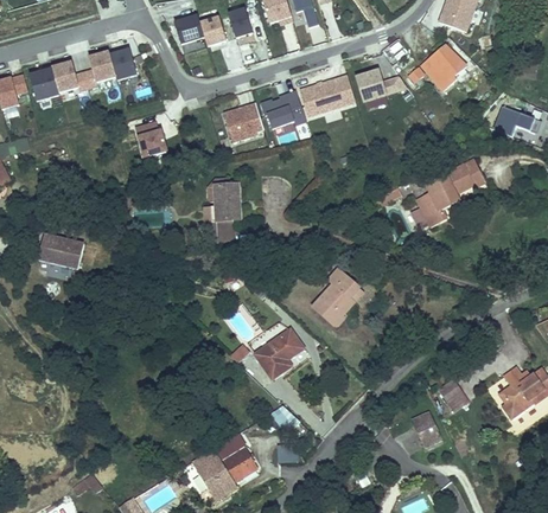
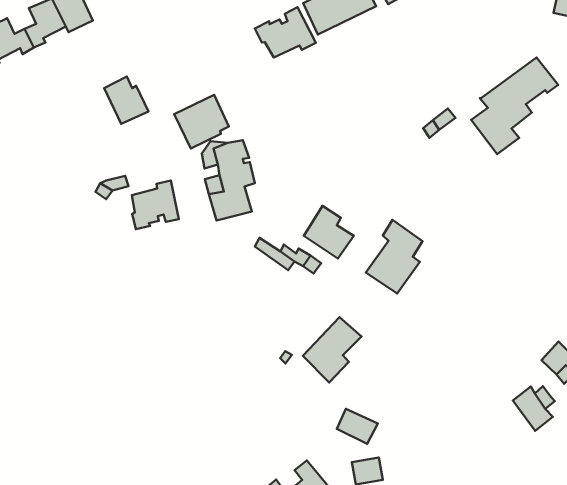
building: [223,102,263,140] -> [174,95,229,148]
building: none -> [132,181,179,229]
building: [38,235,83,268] -> none
building: none -> [304,206,354,258]

